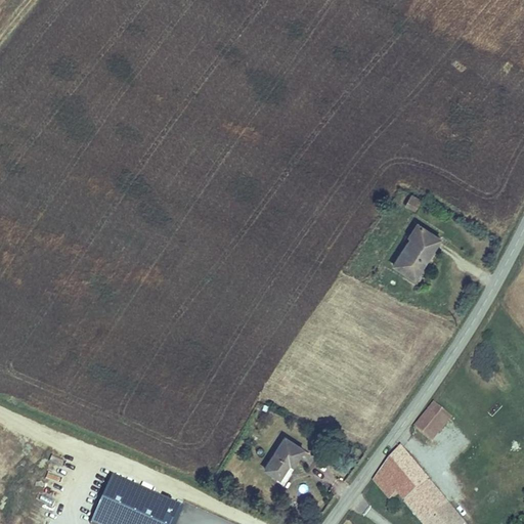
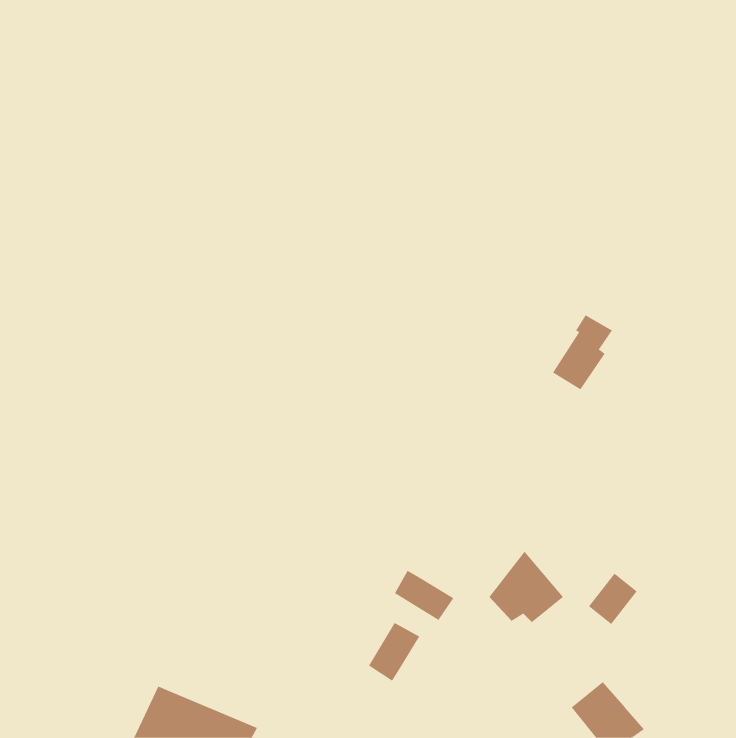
building: none -> [394,570,454,621]
building: [376,448,429,499] -> [488,550,564,623]

